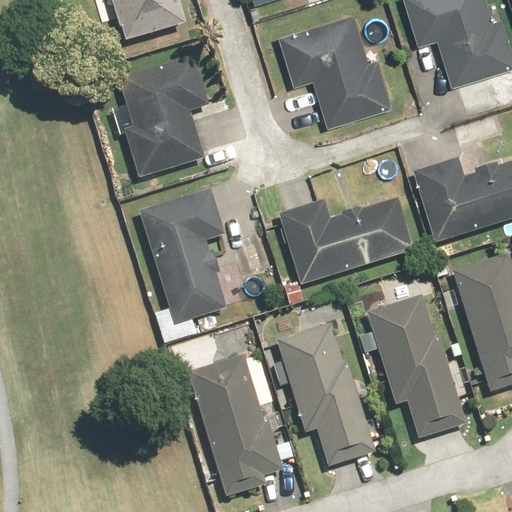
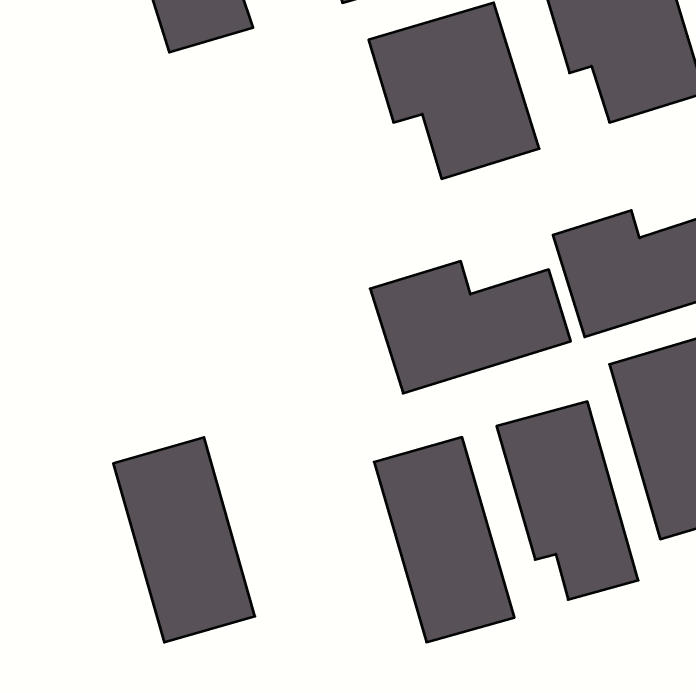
building: [120,51,211,176] -> none
building: [137,187,232,325] -> none
building: [184,348,287,497] -> [113,437,255,642]

